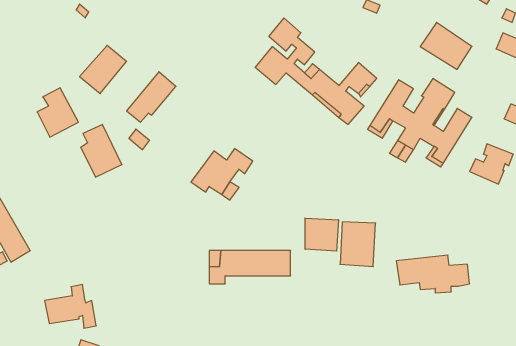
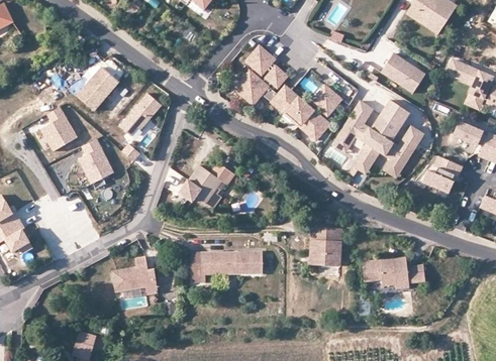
building: [305,218,338,251] -> none
building: [45,285,96,328] -> [113,255,159,293]

